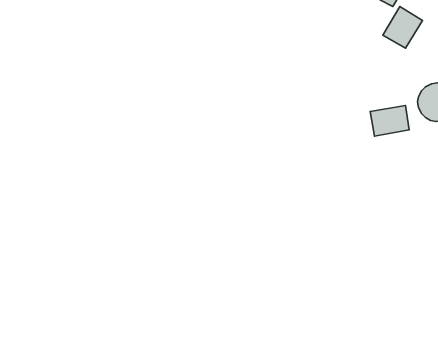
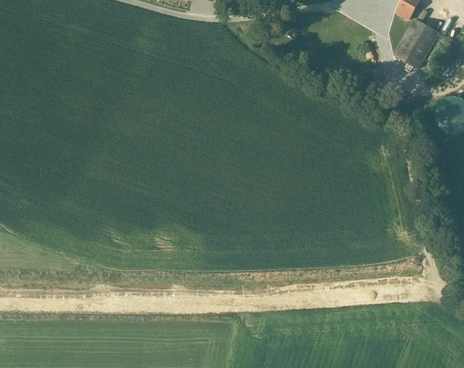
building: [370,106,409,136] -> none

